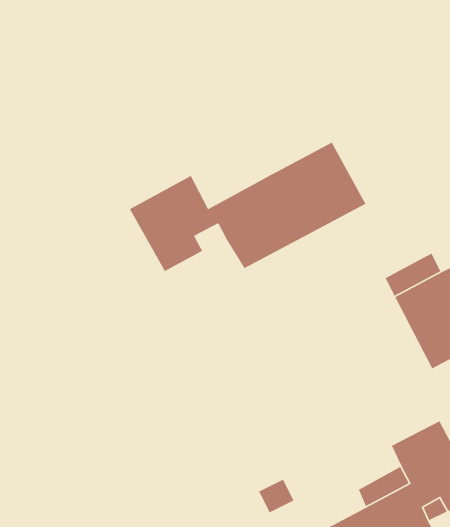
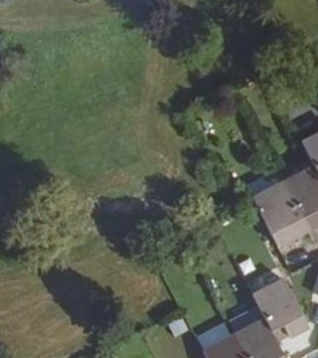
building: [129,142,366,272] -> none

